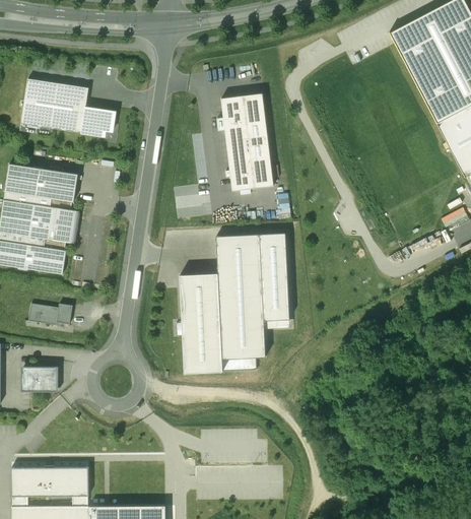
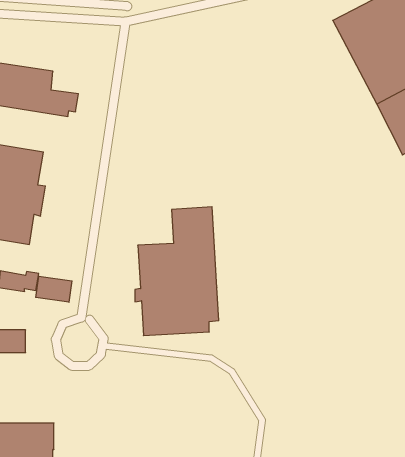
building: [216,92,273,191] -> none
building: [259,233,289,321] -> none
building: none -> [36,276,72,302]

